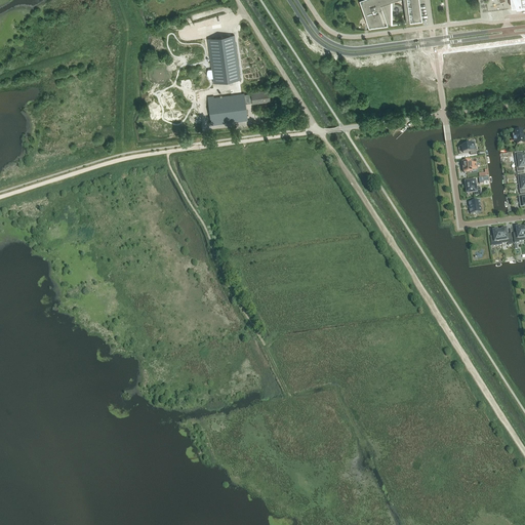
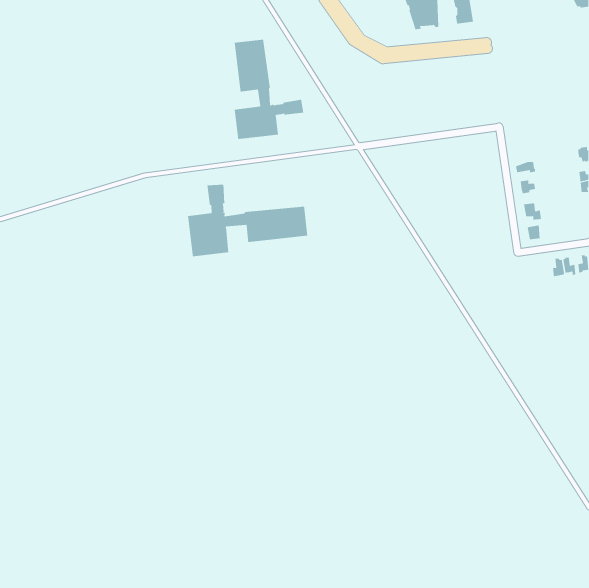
building: none -> [187,184,308,257]

